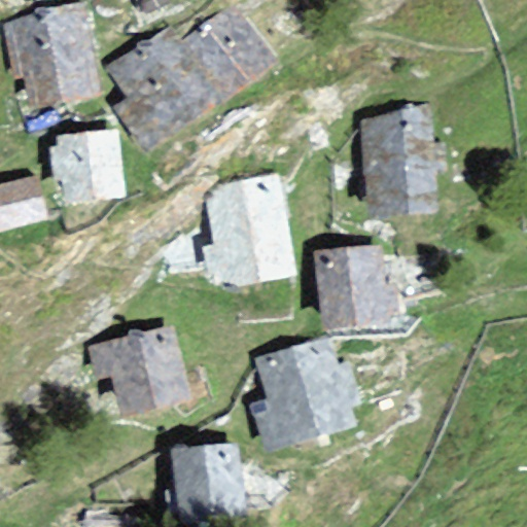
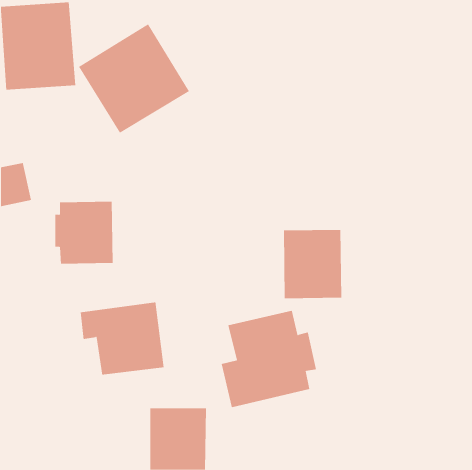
building: [189,6,271,91] -> none
building: [366,110,435,216] -> none
building: [49,130,114,199] -> [54,201,114,264]
building: [208,179,291,281] -> none

